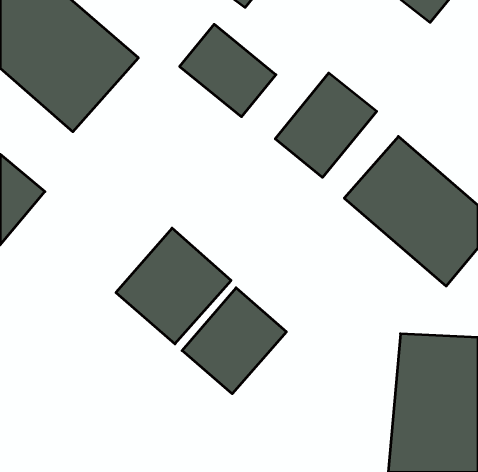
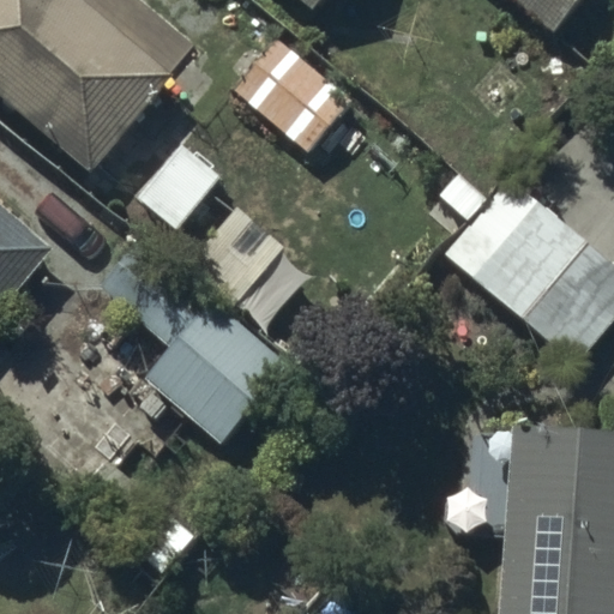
building: [275,73,377,177] -> none
building: [182,288,286,394] -> none

